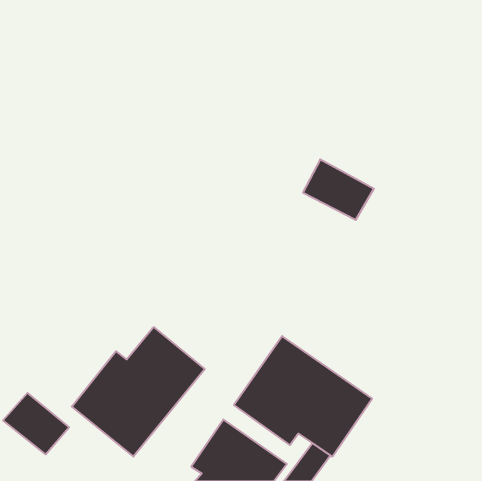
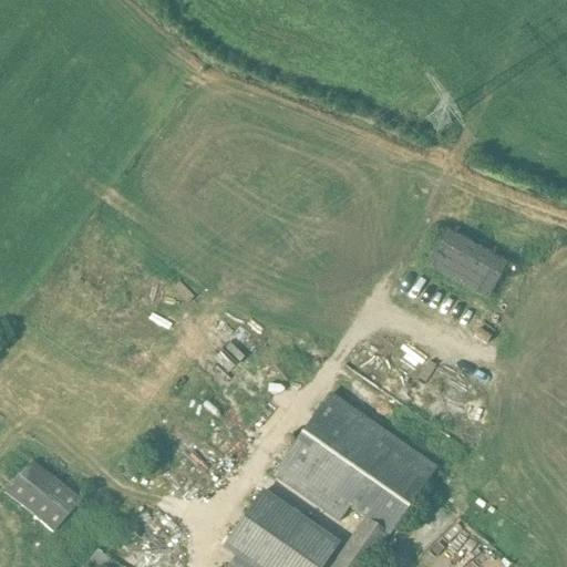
building: [303,159,374,220] -> [427,226,511,297]
building: [72,327,205,457] -> none

